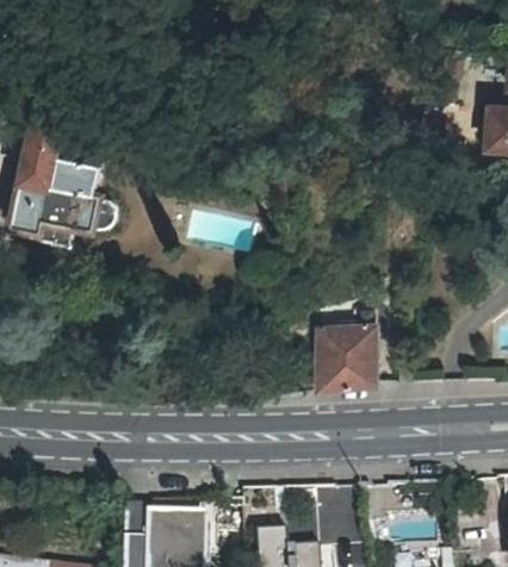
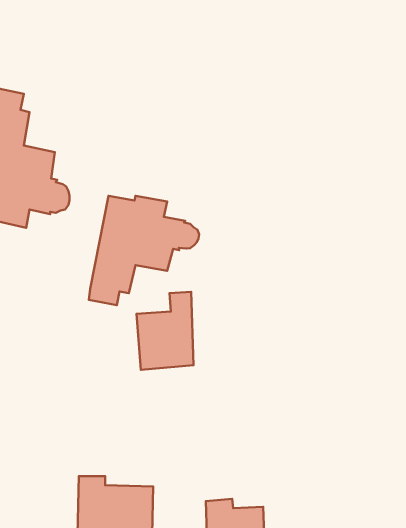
building: none -> [89,196,199,305]
building: [316,311,376,392] -> [136,292,194,370]

